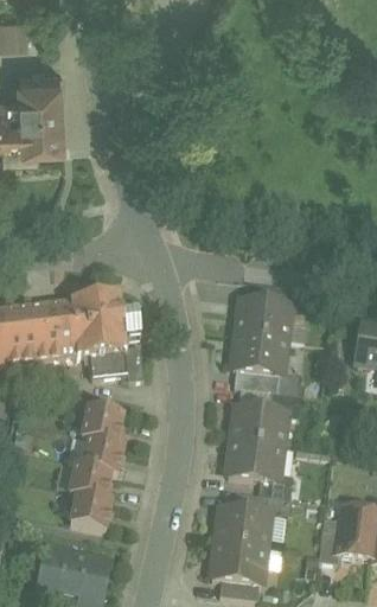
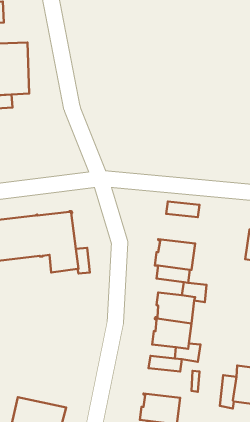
building: [236,300,289,341] -> none
building: [69,410,123,533] -> none
building: [216,509,269,550] -> none

